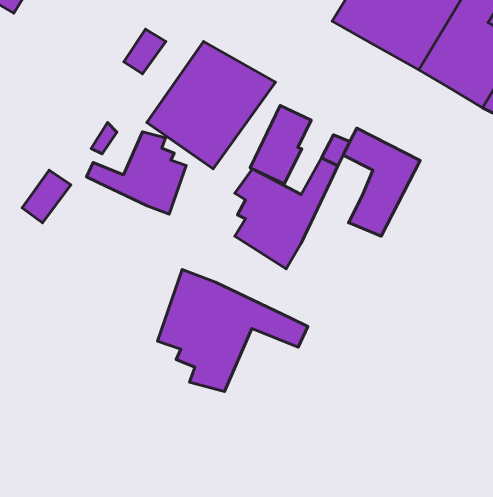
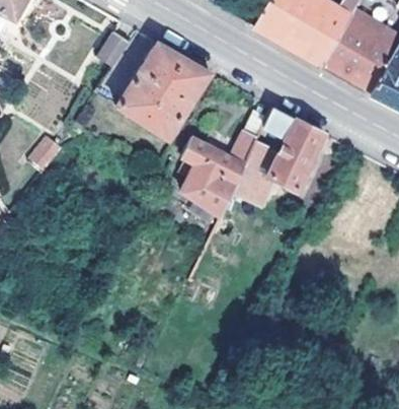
building: [250,105,311,184] -> [231,146,276,205]
building: [87,132,186,214] -> none
building: [157,269,308,392] -> none

